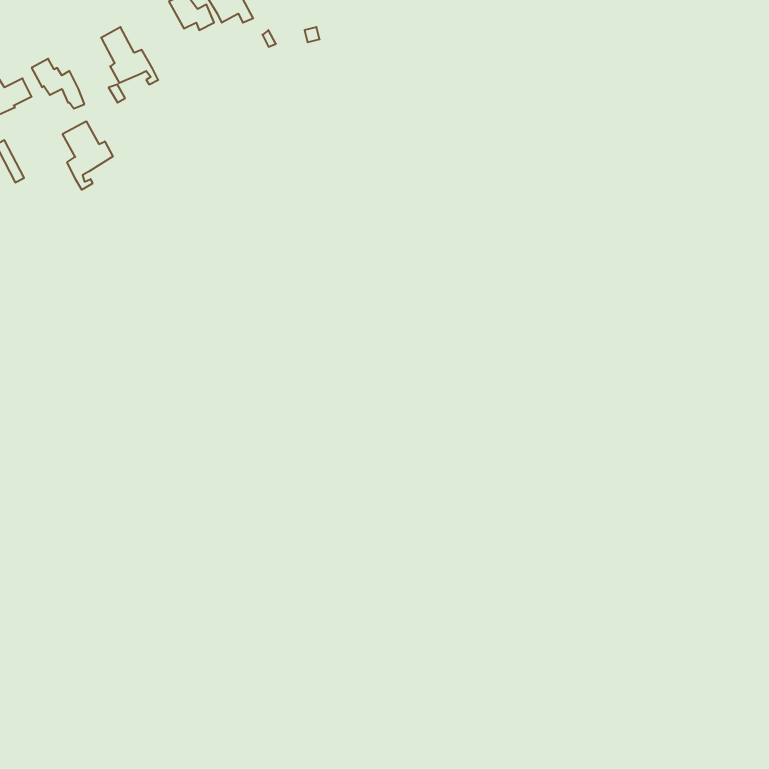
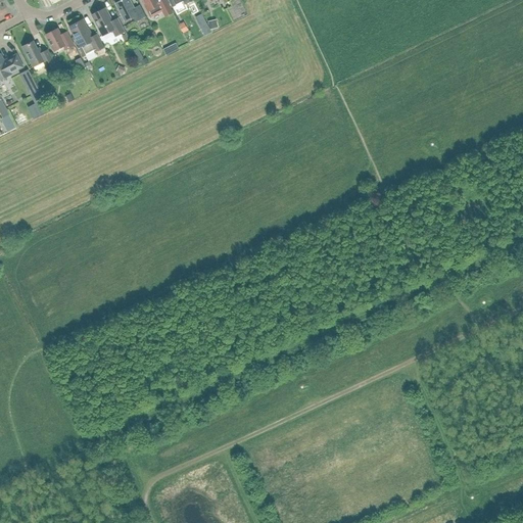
building: none -> [92,6,124,35]
building: none -> [45,27,74,50]
building: [63,121,113,190] -> none

